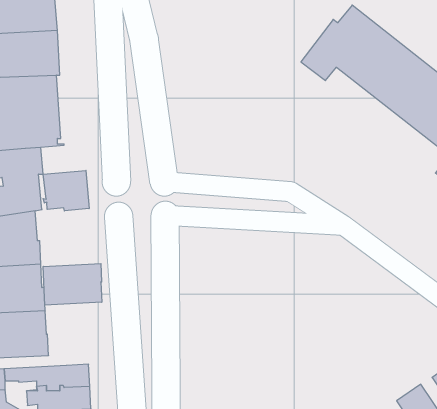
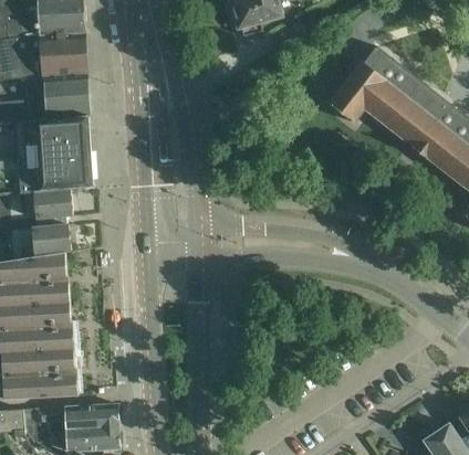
building: [43,170,89,211] -> none
building: [43,264,102,305] -> none

